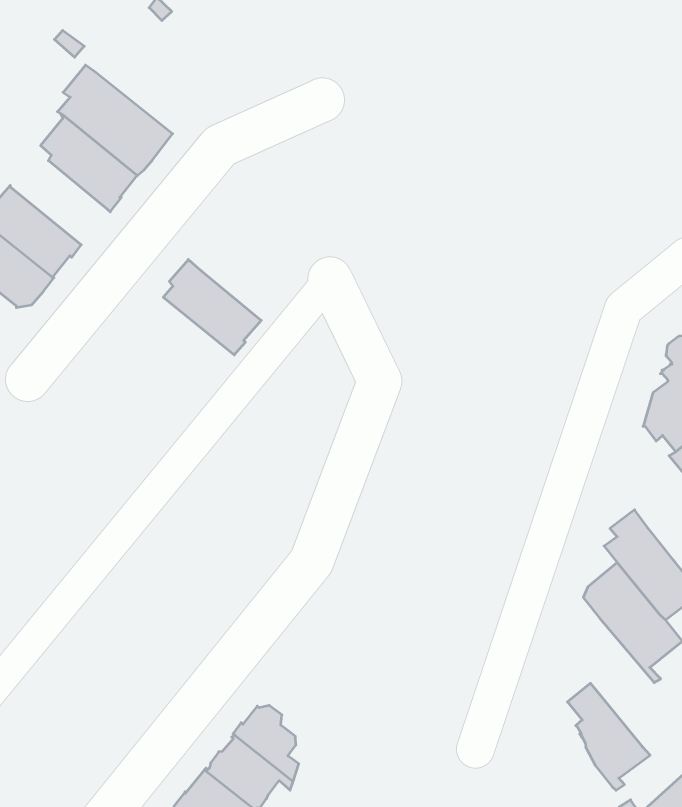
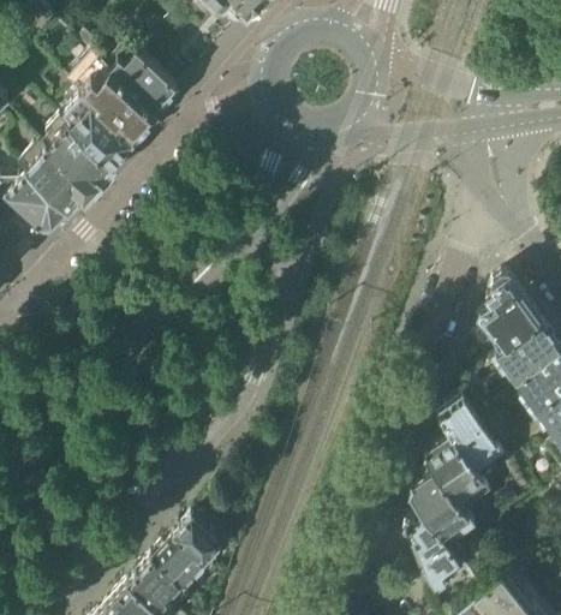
building: none -> [108,46,180,115]
building: [163,259,261,355] -> [44,120,112,189]
building: none -> [411,472,478,563]

